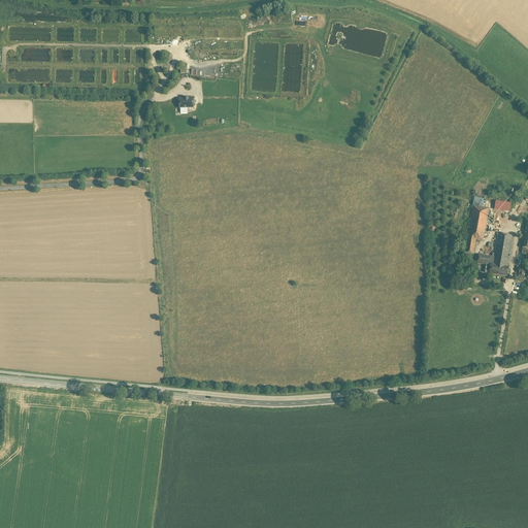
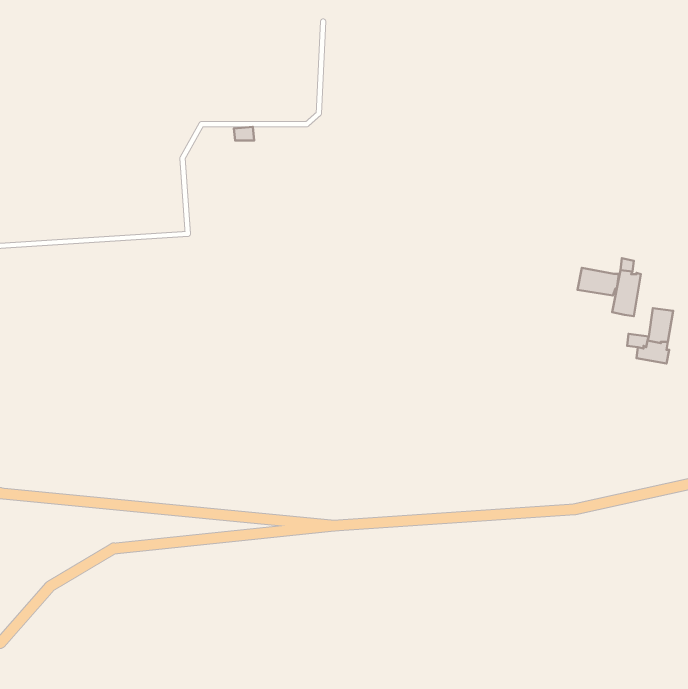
building: none -> [577,268,619,295]

